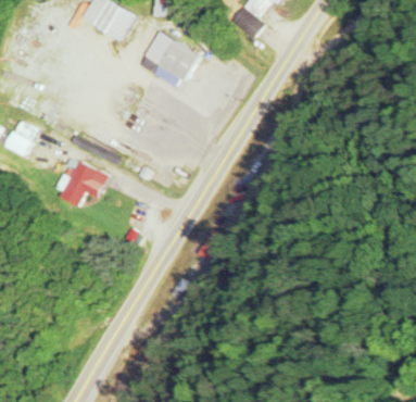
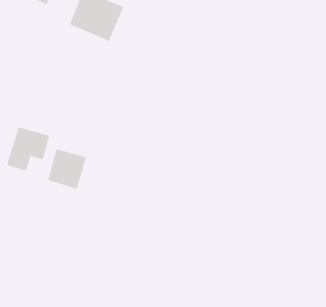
building: none -> [47,149,86,189]

